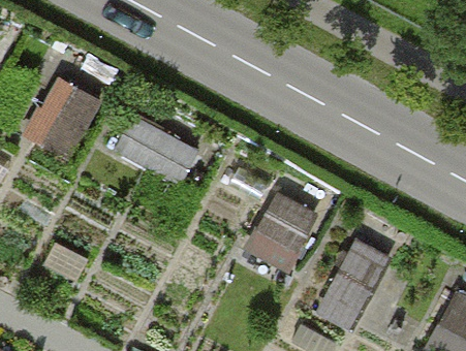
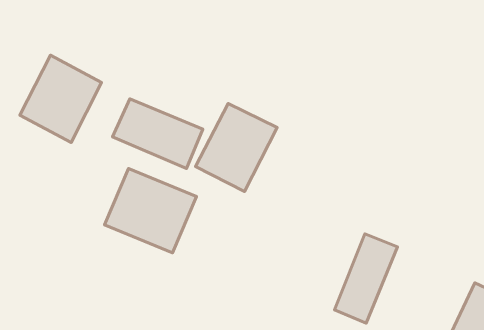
building: none -> [105,168,197,253]
building: [245,191,322,275] -> [195,103,277,192]

